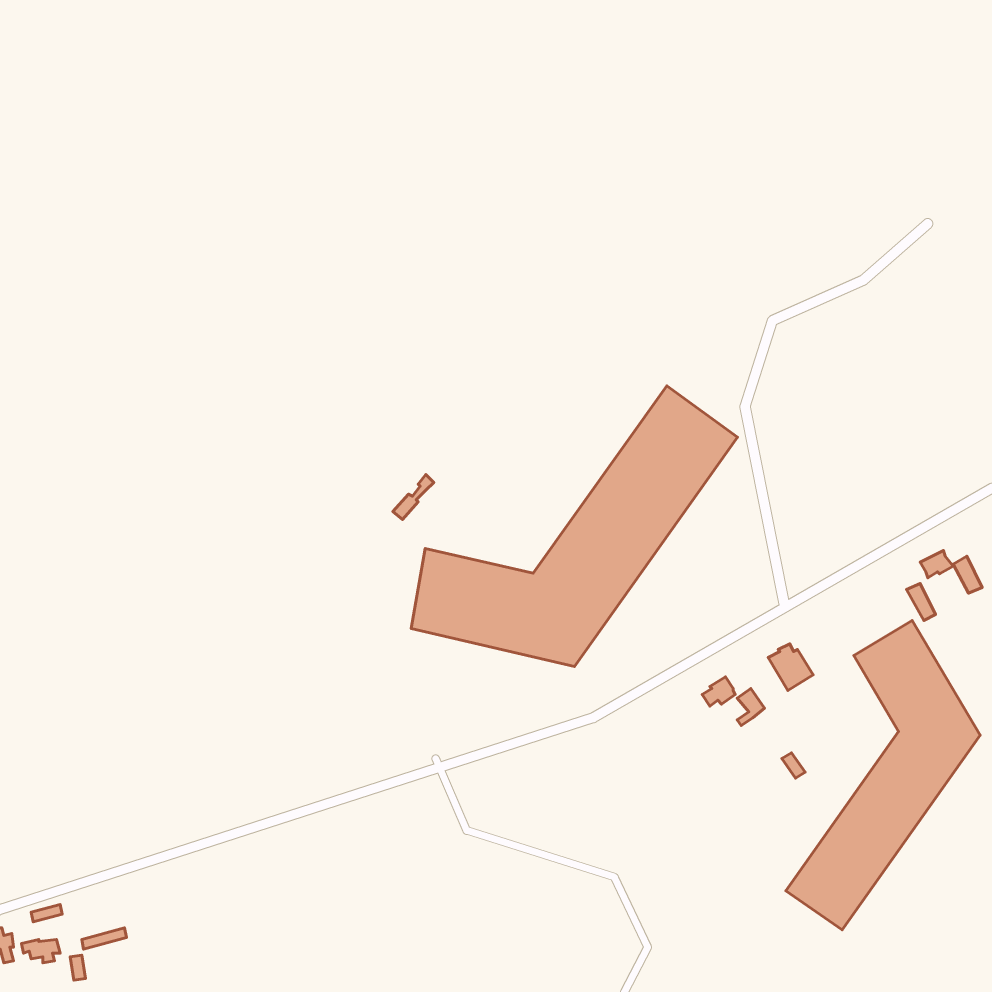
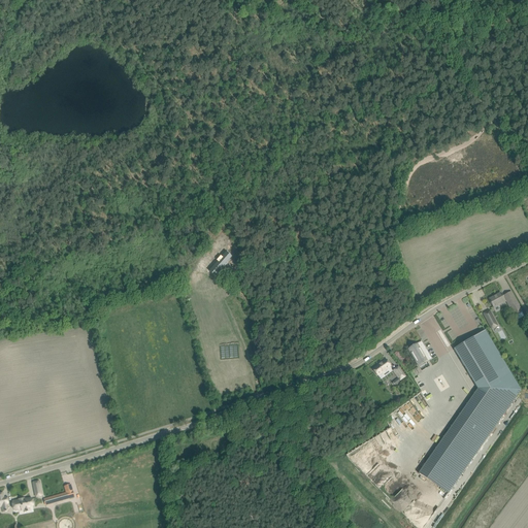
building: [411,386,737,666] -> none

